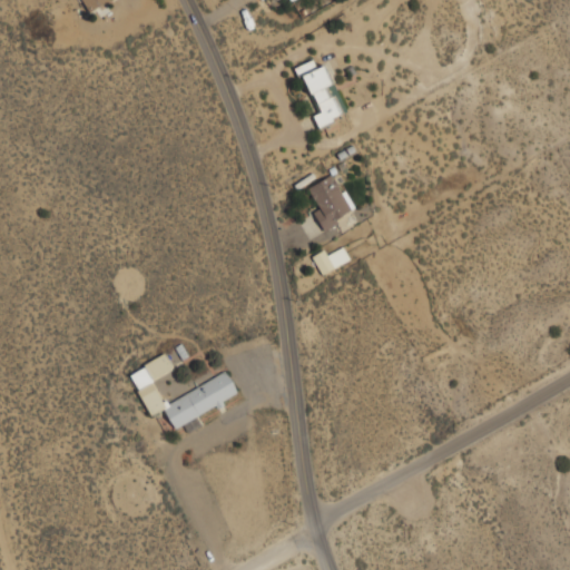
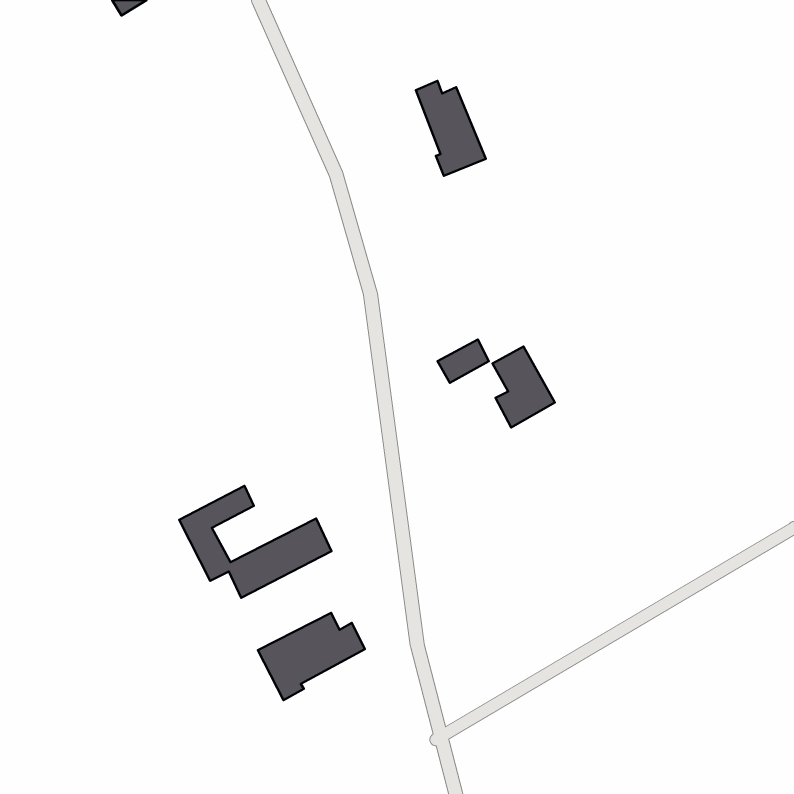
building: [309,174,354,232] -> [493,346,555,427]
building: none -> [258,613,365,700]

